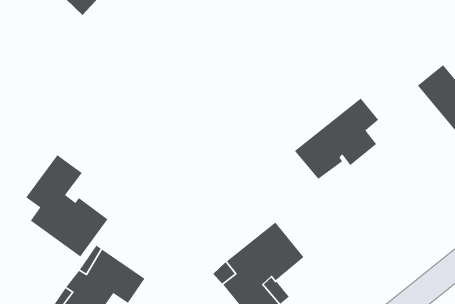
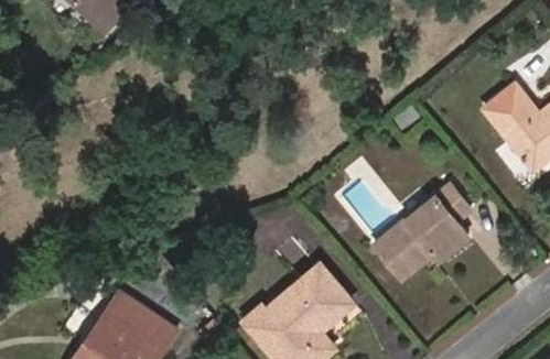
building: [294,97,379,180] -> [371,183,468,276]
building: [25,154,109,258] -> none

